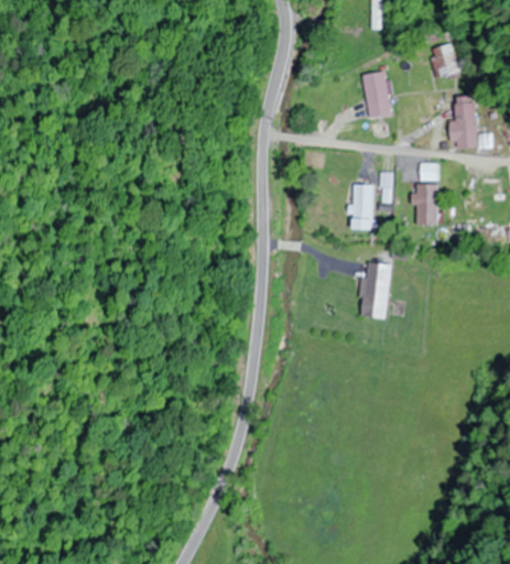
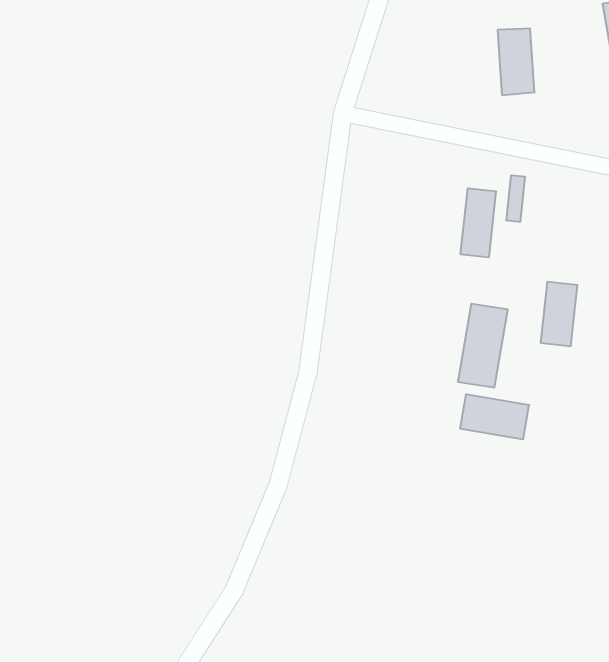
building: [416,183,437,225] -> [541,282,578,346]
building: none -> [460,394,529,439]

